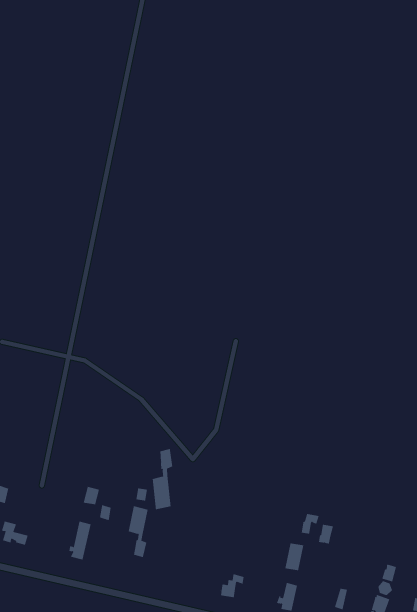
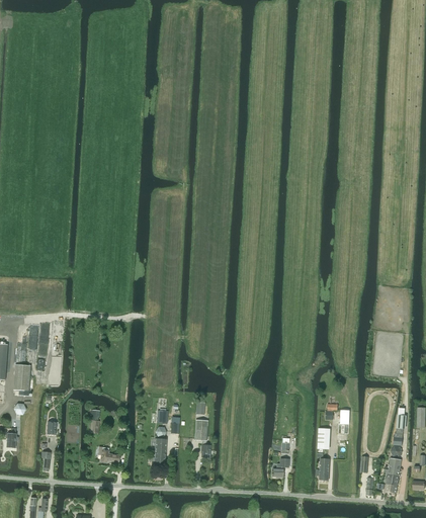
building: [152,448,173,510] -> none

